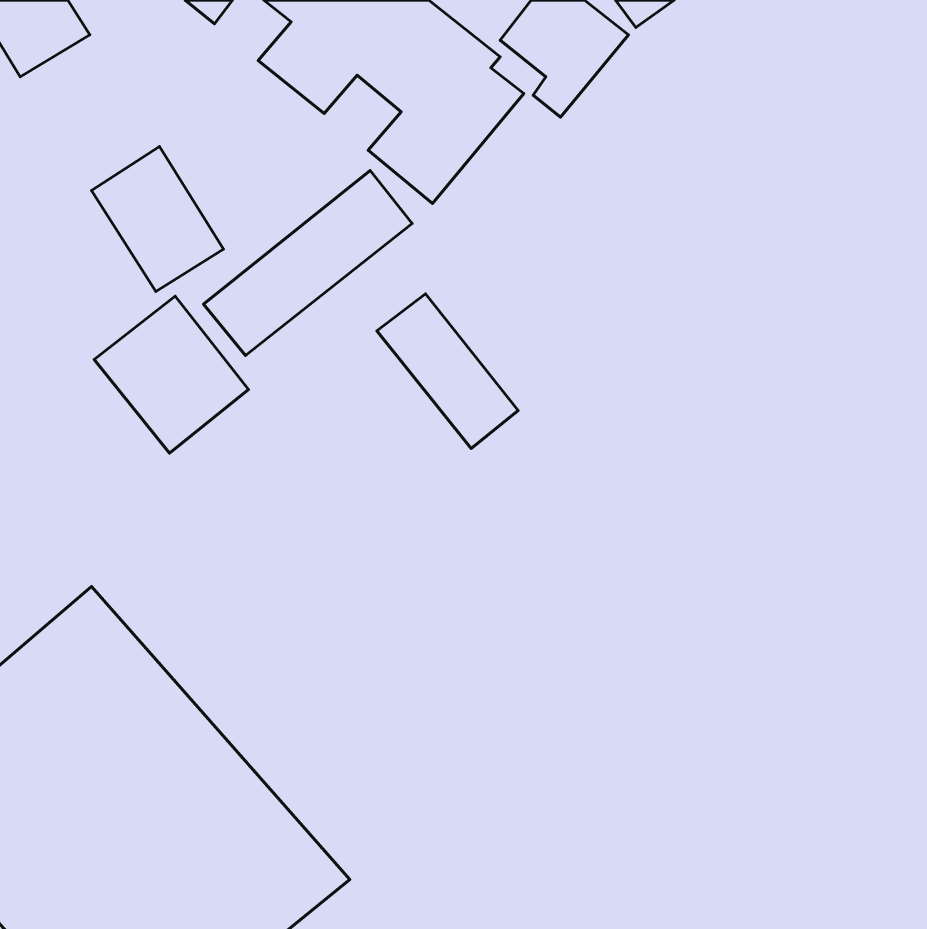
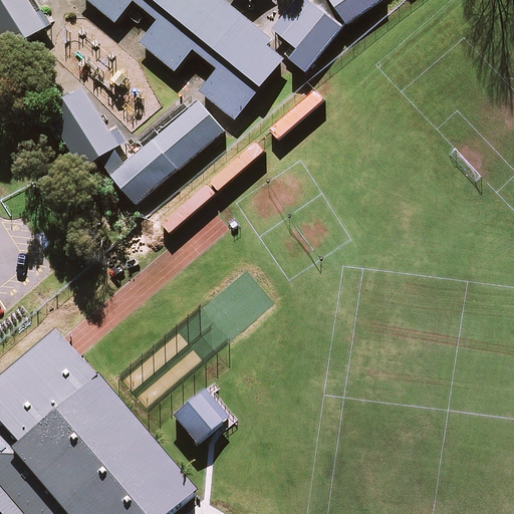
building: [377,294,518,449] -> none
building: [94,296,248,453] -> none

